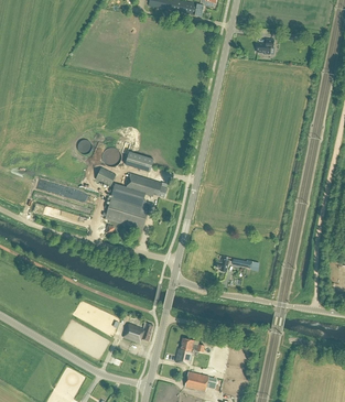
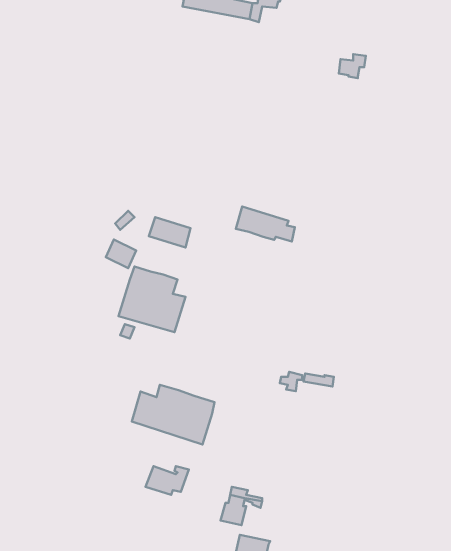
building: [126,173,166,197] -> [236,206,295,241]
building: none -> [132,385,215,444]

